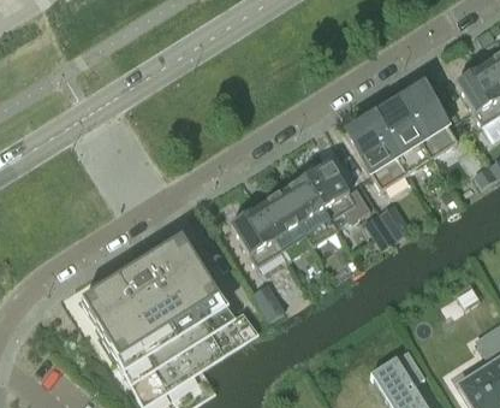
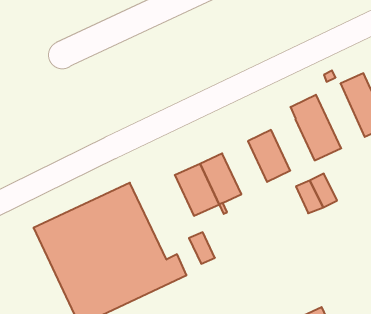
building: [374,100,433,171] -> none
building: [279,176,338,244] -> none

